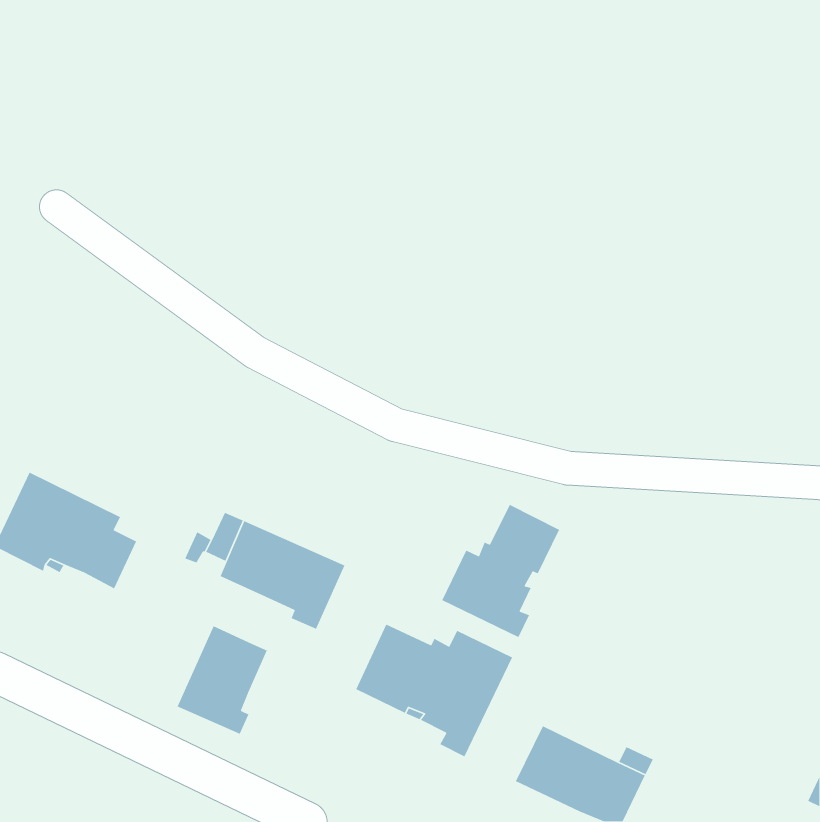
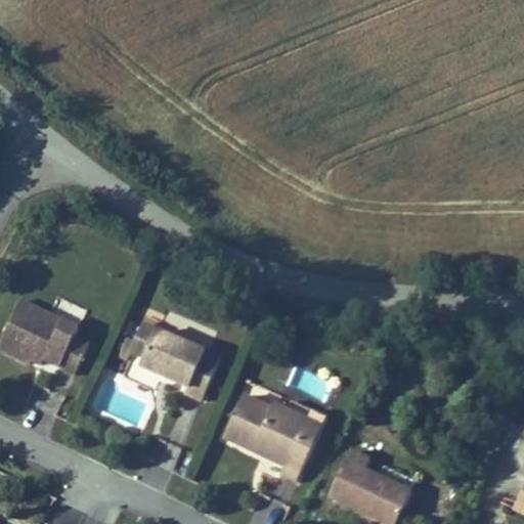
building: [441,504,560,638] -> none
building: [177,625,268,735] -> none

